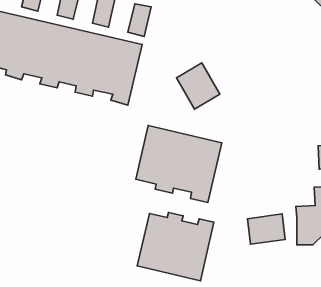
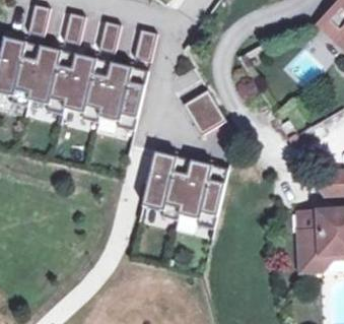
building: [137,212,214,281] -> none
building: [248,214,285,244] -> none

